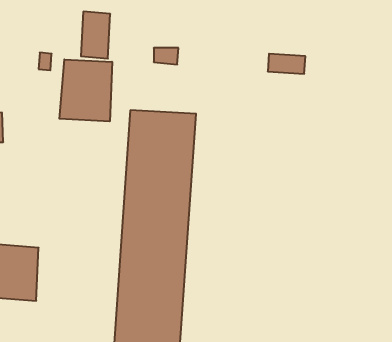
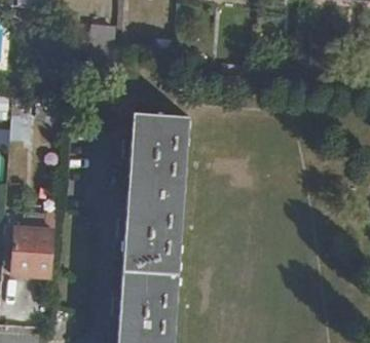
building: [59,59,112,121] -> none

